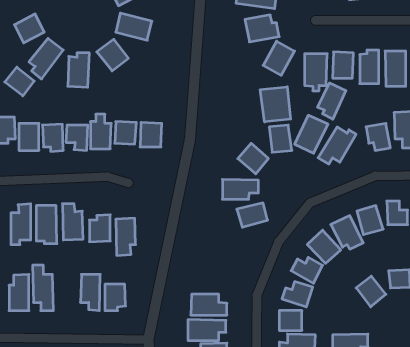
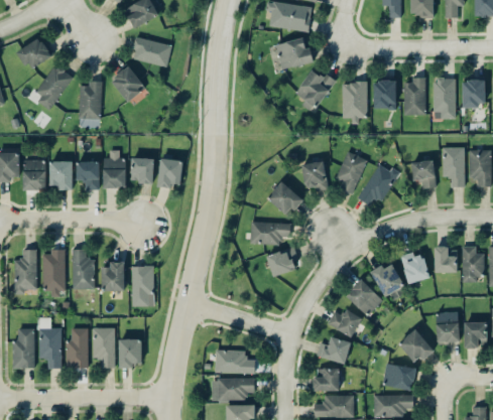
building: [5,67,34,96] -> none
building: [318,83,346,119] -> none
building: [260,87,291,122] -> none
building: none -> [66,327,88,368]
building: none -> [382,364,414,389]

